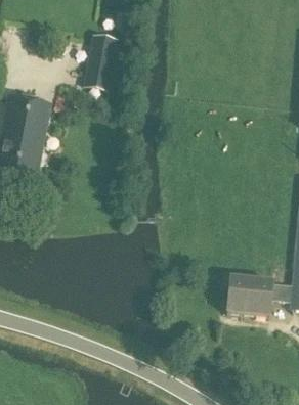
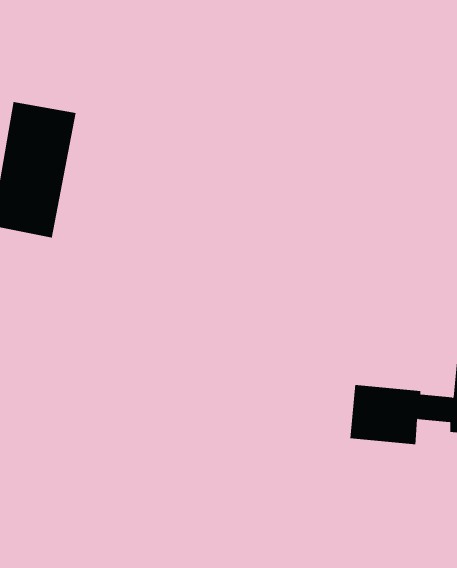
building: [82,37,115,89] -> none

